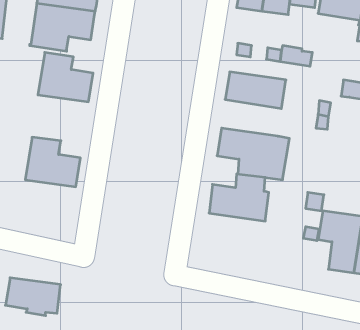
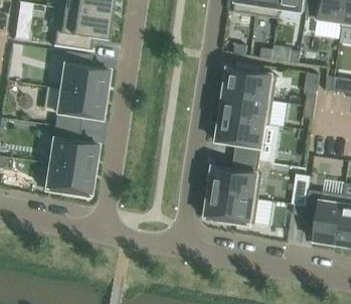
building: none -> [44,86,106,129]
building: none -> [222,93,275,125]
building: none -> [207,192,275,225]
building: [5,278,61,316] -> [46,163,95,196]

